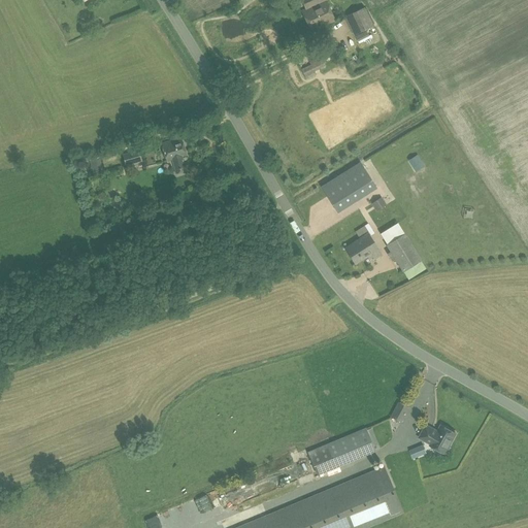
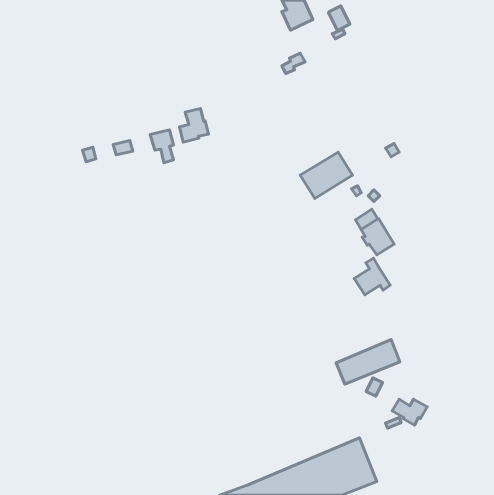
building: none -> [180,108,209,142]
building: [342,226,381,265] -> [354,258,390,295]
building: [306,428,374,475] -> [336,340,400,384]

